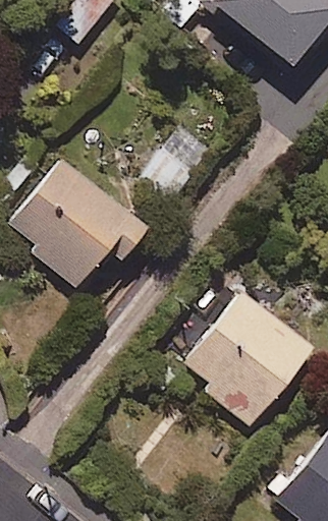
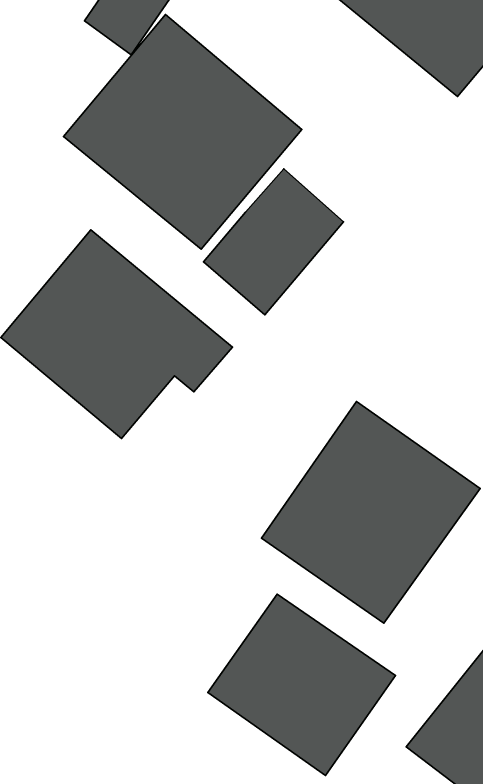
building: none -> [63,14,302,249]
building: none -> [208,594,396,775]

